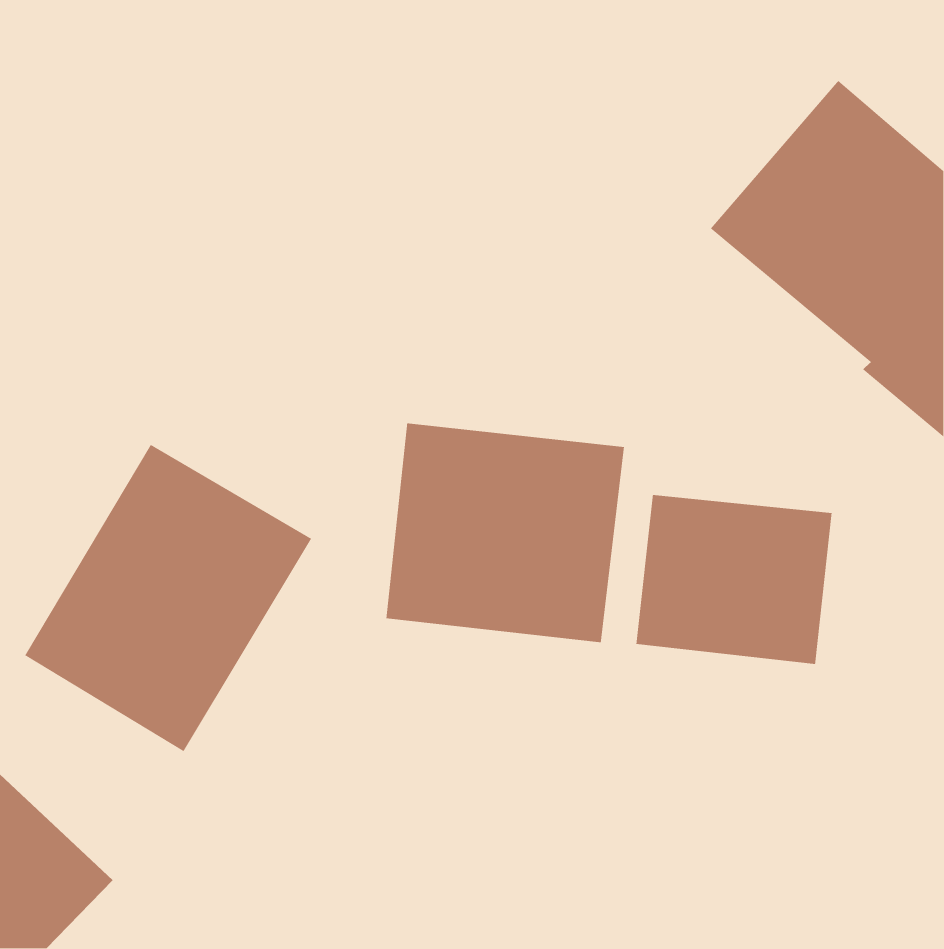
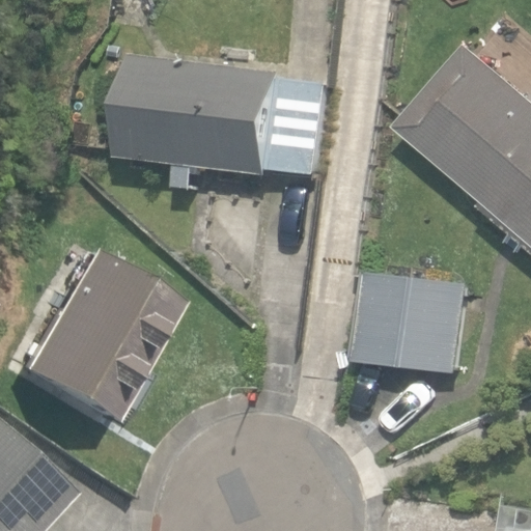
building: none -> [120,57,320,195]
building: [385,423,625,643] -> none

